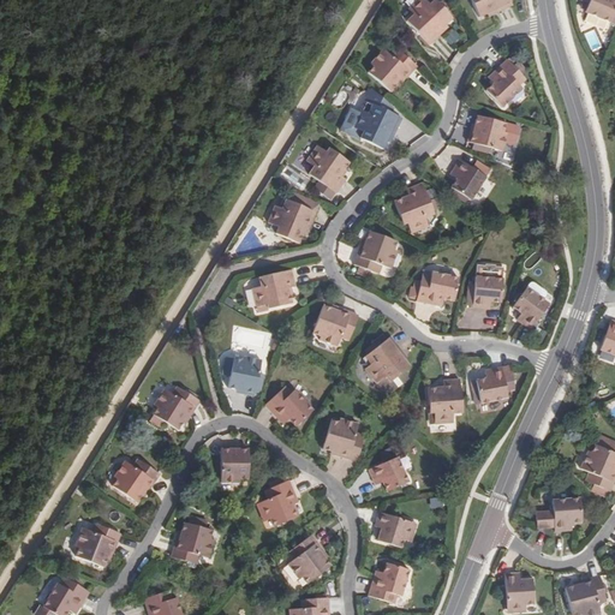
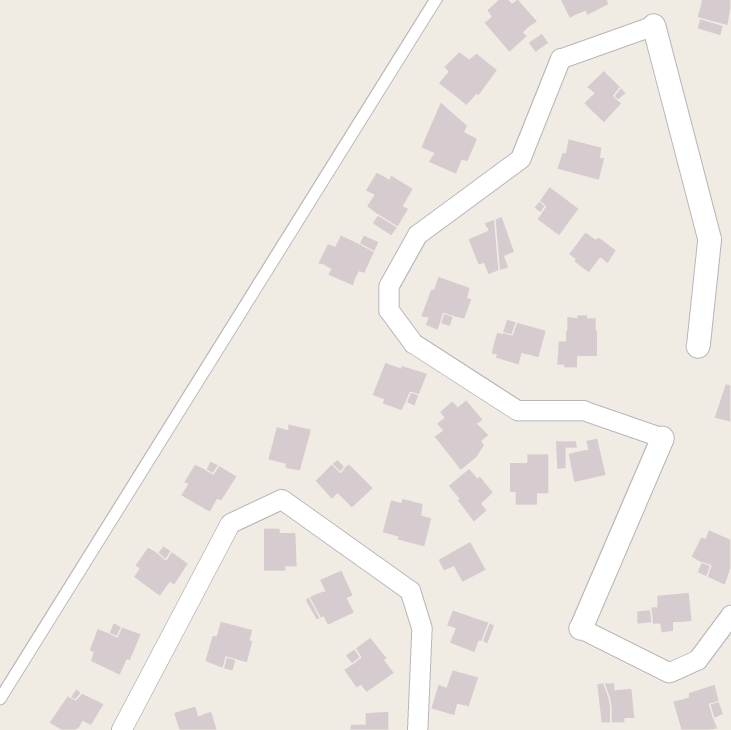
building: none -> [568,232,616,273]
building: [251,269,294,309] -> none
building: [512,285,548,330] -> none
building: none -> [448,468,493,523]

